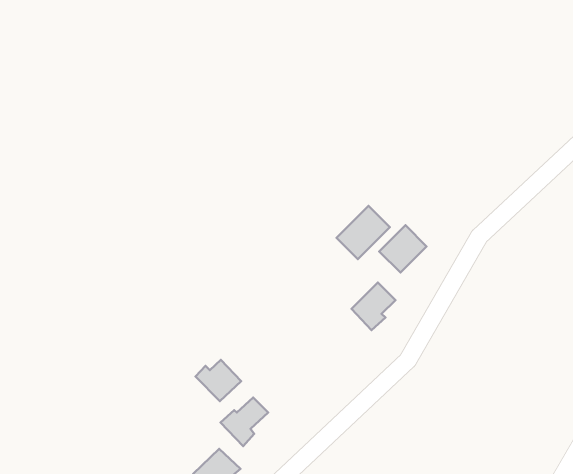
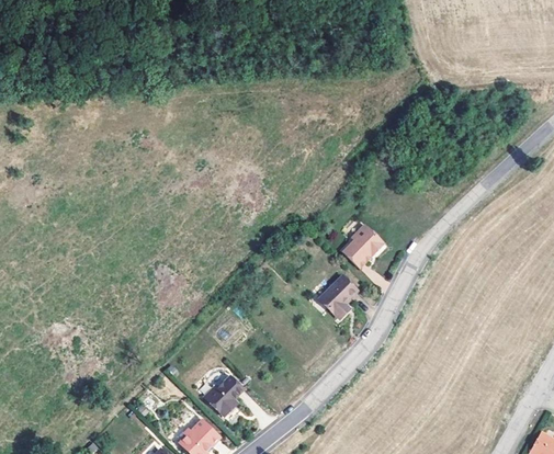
building: [336,206,390,259] -> none
building: [196,360,241,401] -> none

